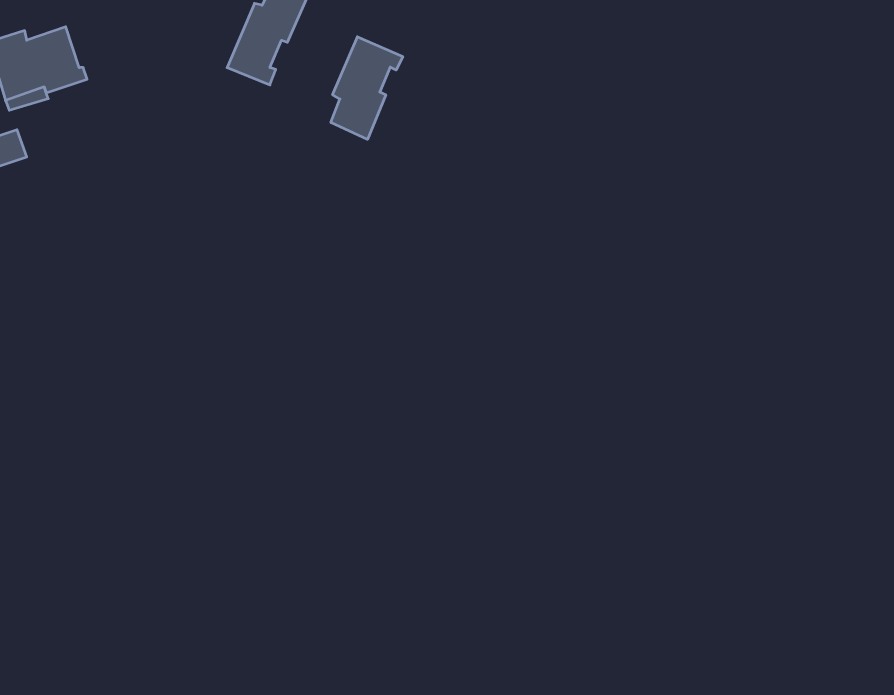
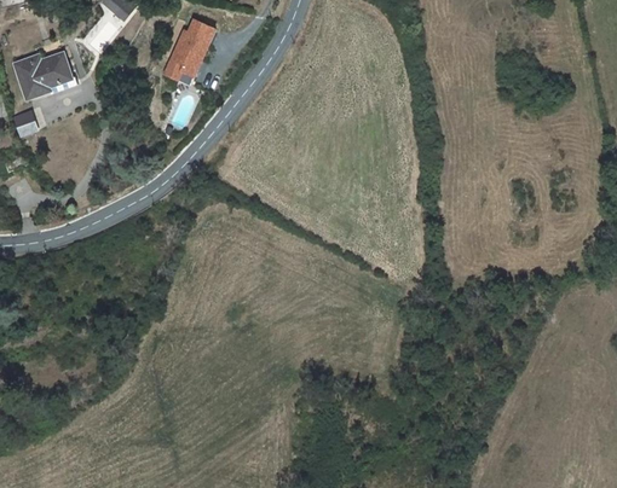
building: [331,37,403,139] -> none

